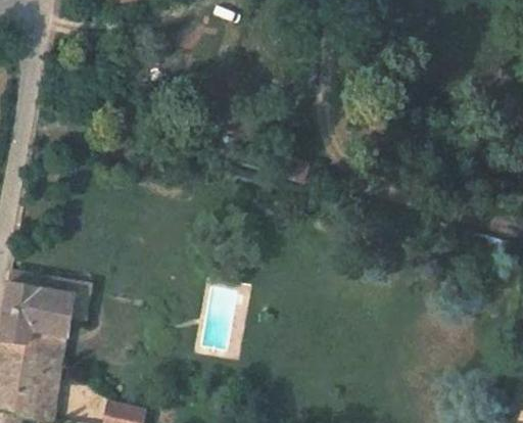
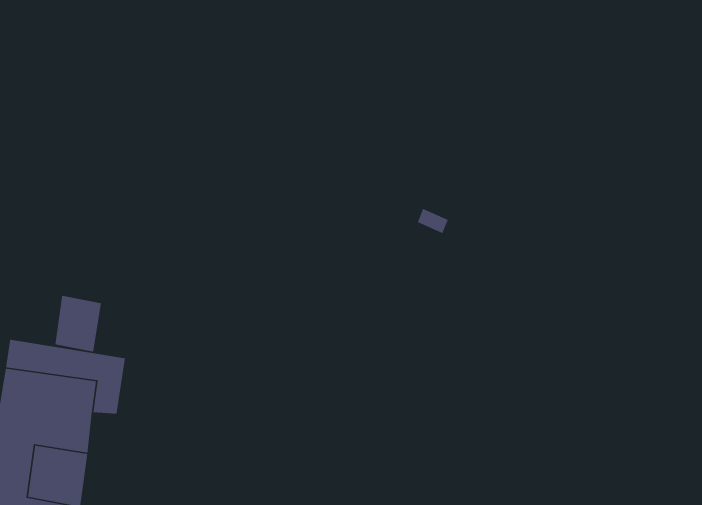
building: none -> [54,295,102,352]

